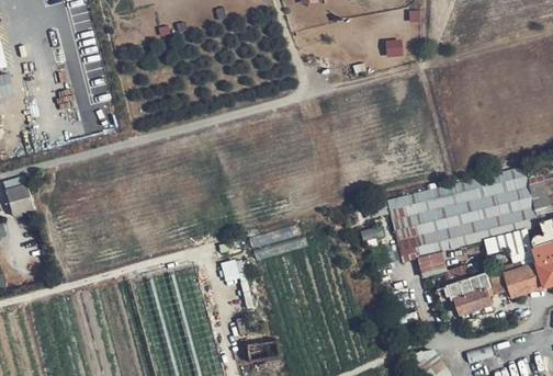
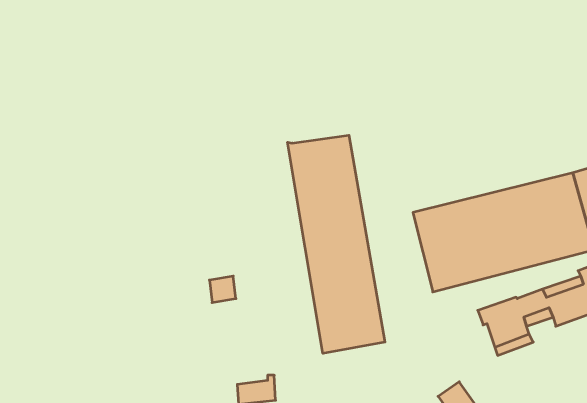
building: none -> [288,135,385,353]

